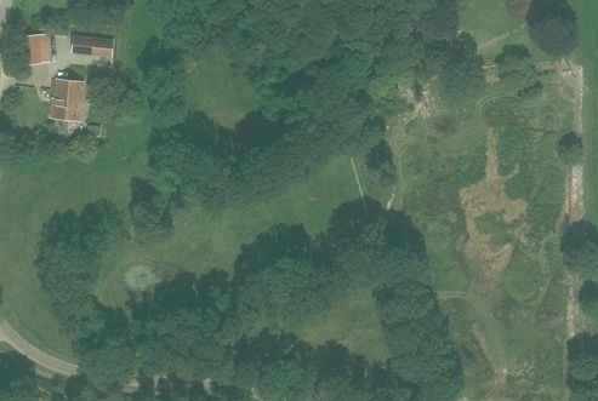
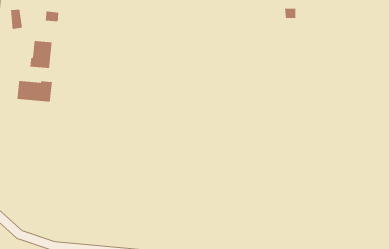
building: none -> [17,80,53,103]

